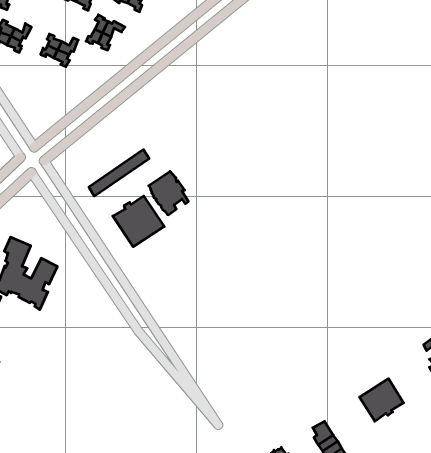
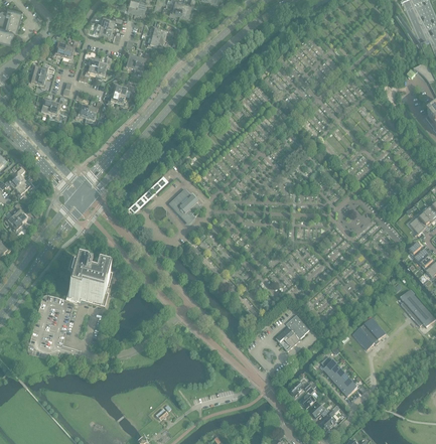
building: [113,196,164,247] -> none
building: none -> [275,314,308,350]

